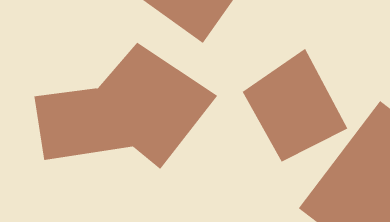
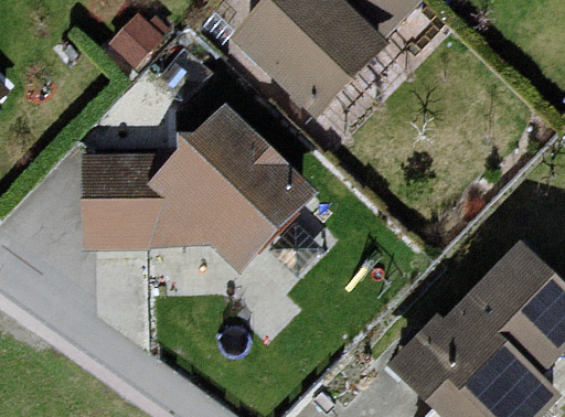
building: [242,48,348,162] -> none

